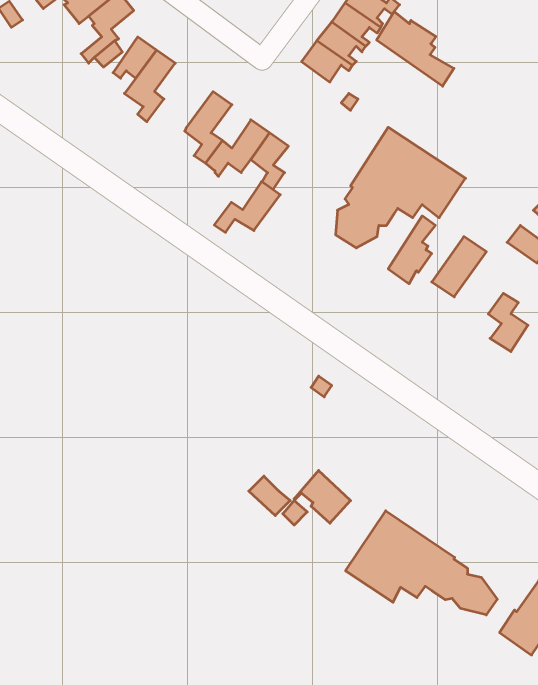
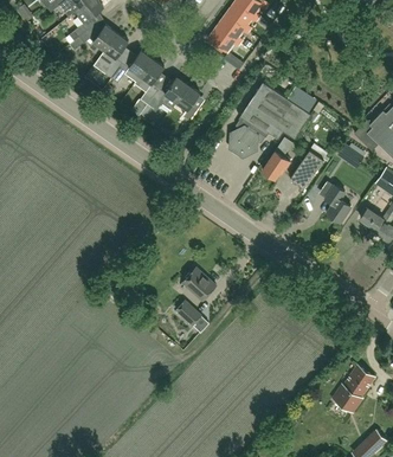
building: [377,12,454,86] -> none
building: [214,182,280,232] -> [111,51,153,83]
building: [294,470,351,523] -> [180,268,215,301]
building: [346,511,497,615] -> none

